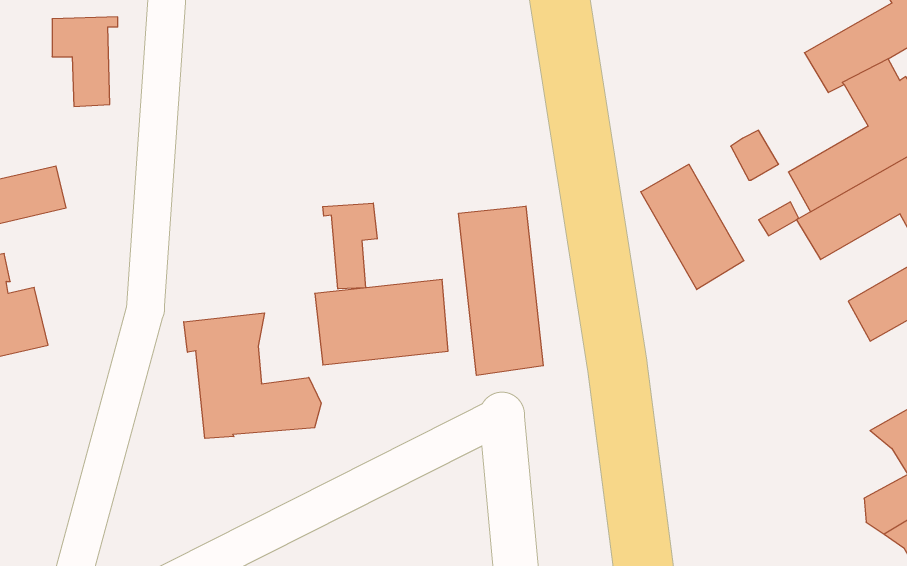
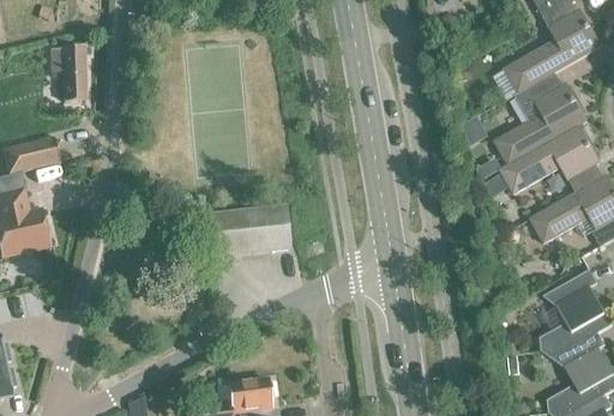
building: [641,164,744,290] -> none
building: [323,203,377,289] -> none
building: [459,206,543,375] -> none
building: [184,313,321,438] -> none

